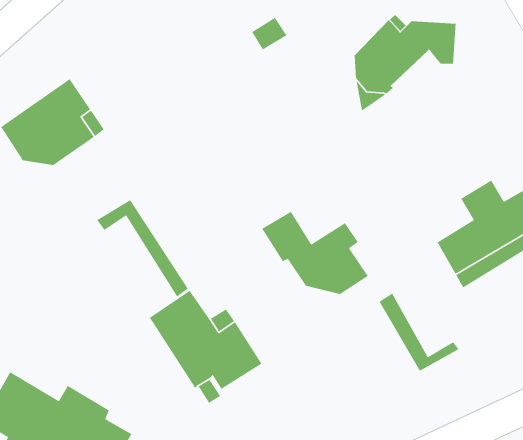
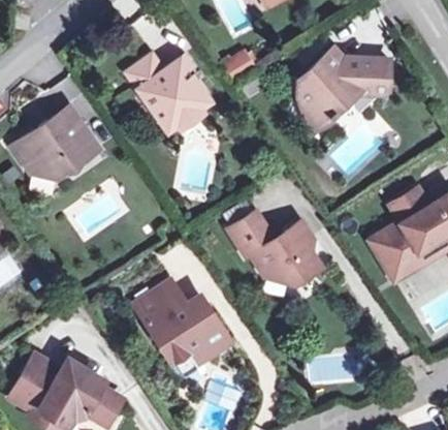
building: none -> [127,55,210,130]
building: [96,199,189,297] -> none
building: [378,293,459,372] -> none

